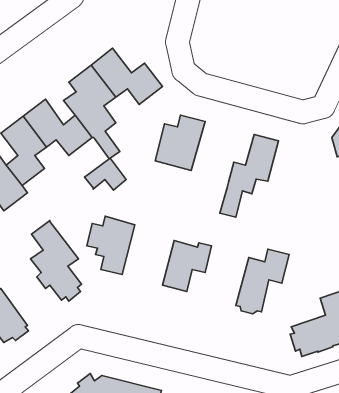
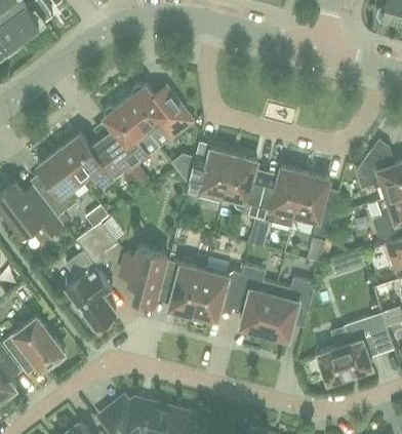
building: none -> [220,155,263,213]
building: none -> [294,173,334,237]
building: [85,158,126,190] -> [76,222,116,252]
building: none -> [161,261,204,313]
building: none -> [236,266,276,332]

